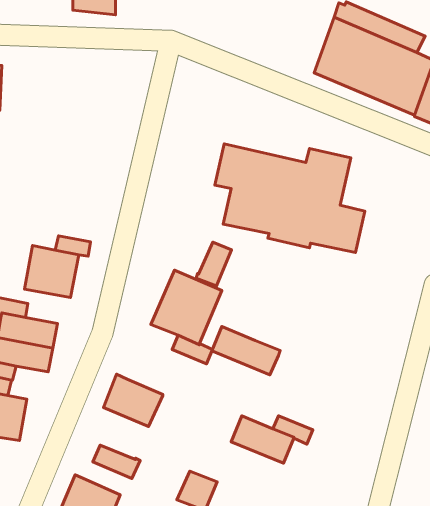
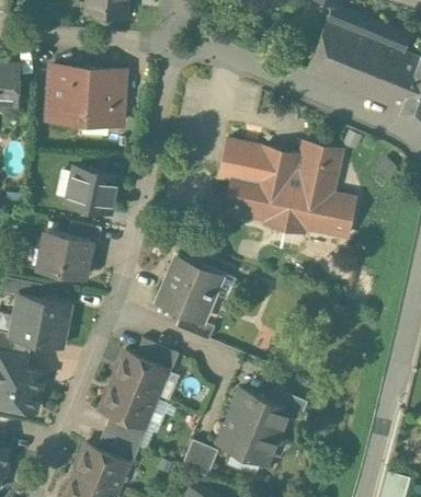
building: none -> [47,68,125,125]
building: none -> [69,170,117,212]
building: [196,242,231,286] -> none
building: [212,327,280,375] -> none
building: none -> [135,339,179,372]
building: none -> [100,382,155,430]
building: none -> [217,414,280,466]
building: none -> [96,432,139,465]

